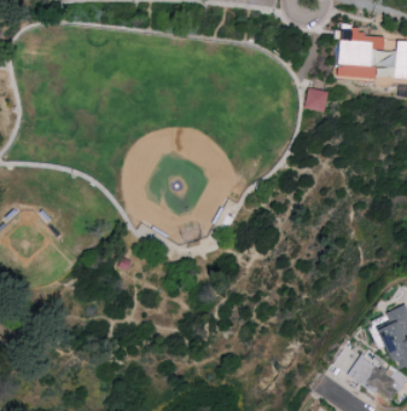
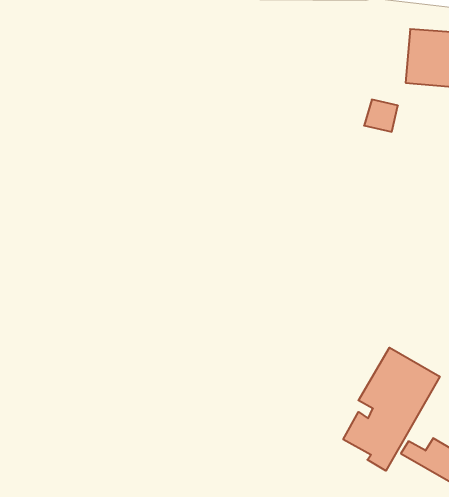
building: none -> [343,348,440,471]

